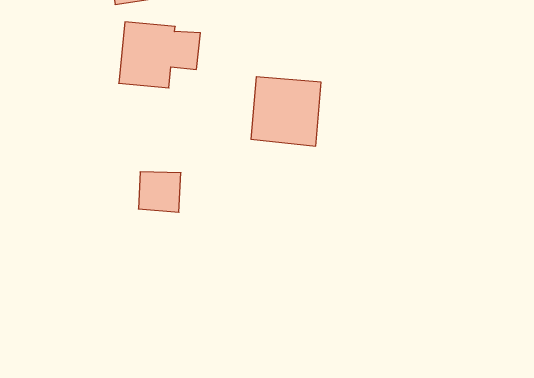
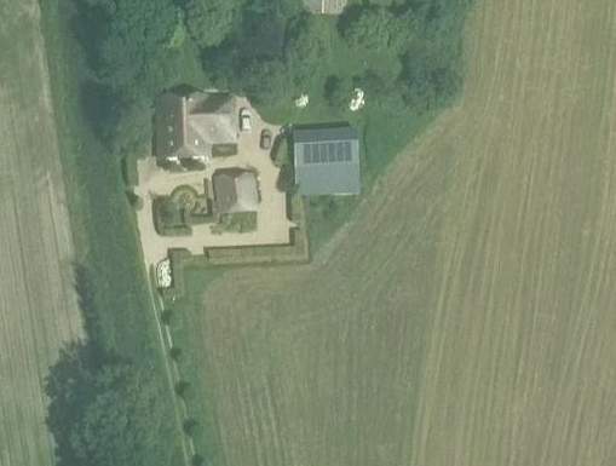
building: [138,172,181,212] -> [215,171,259,212]

